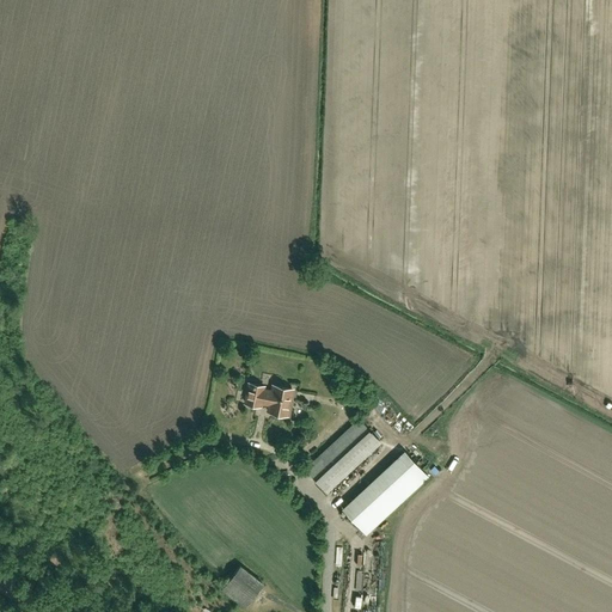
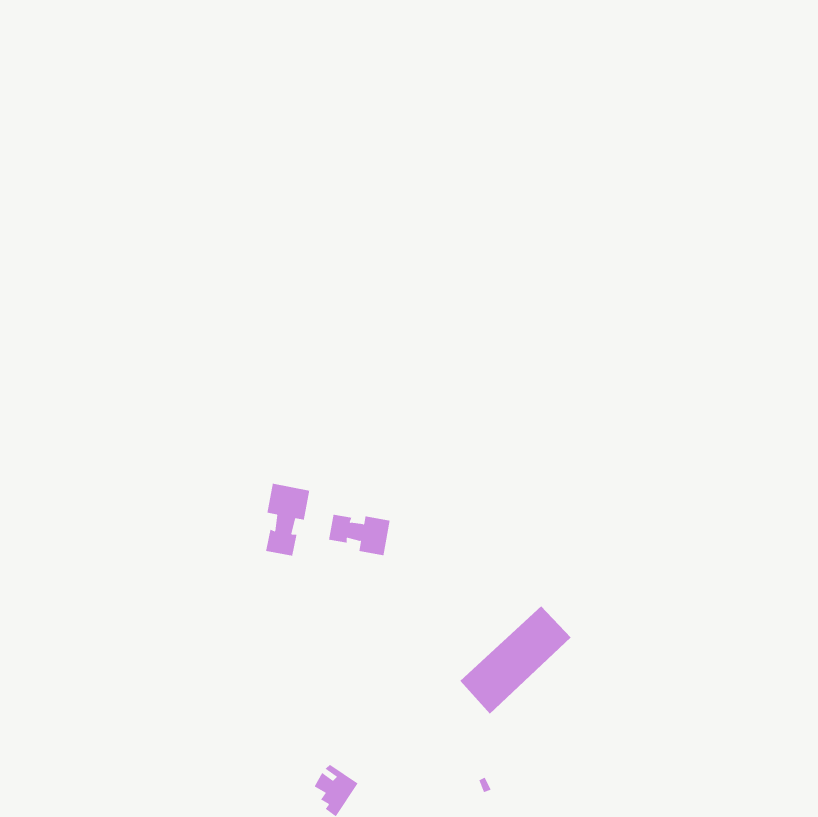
building: none -> [265,483,310,557]
building: [306,421,380,492] -> none

